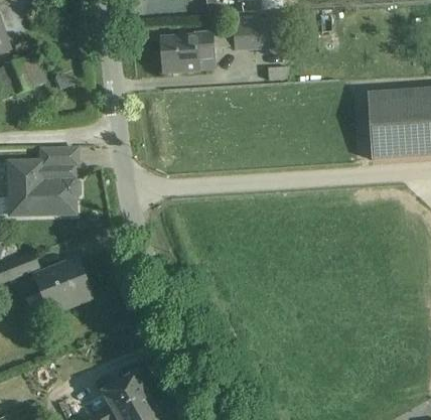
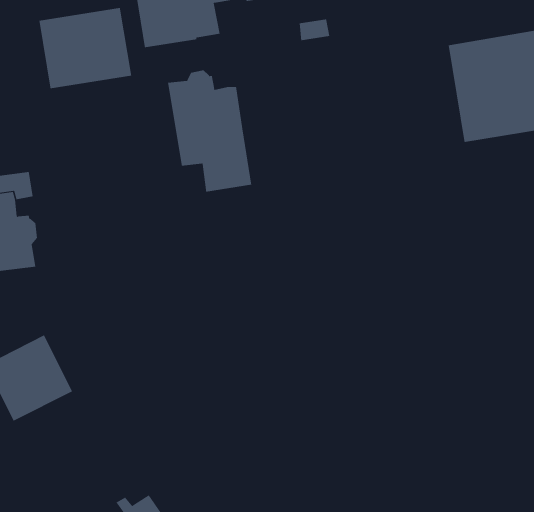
building: none -> [39,7,132,89]
building: none -> [168,70,252,192]

